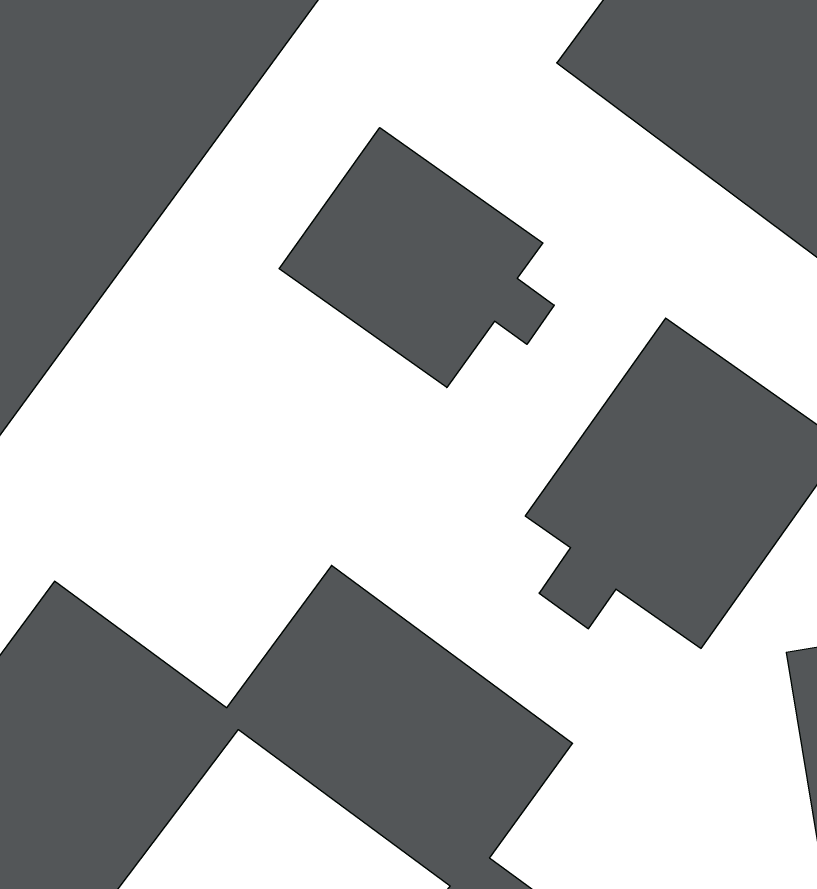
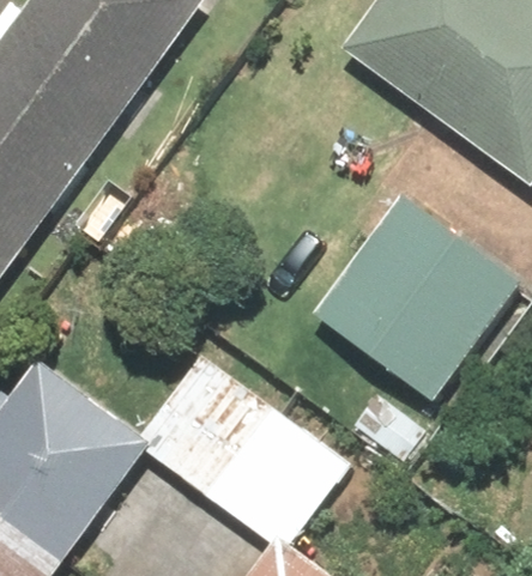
building: [279,128,554,388] -> none

